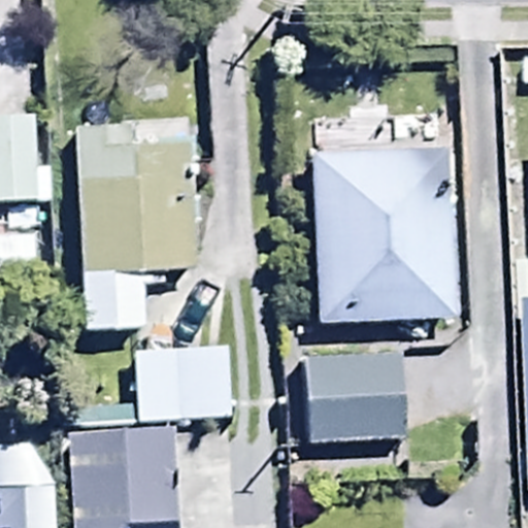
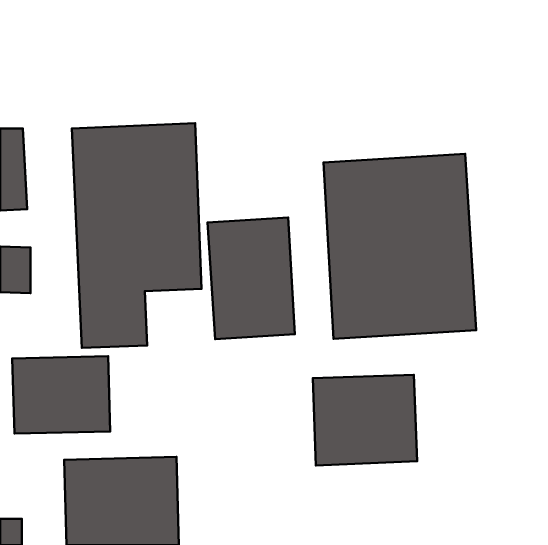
building: none -> [208,218,295,339]
building: [134,345,227,419] -> [12,356,110,434]

